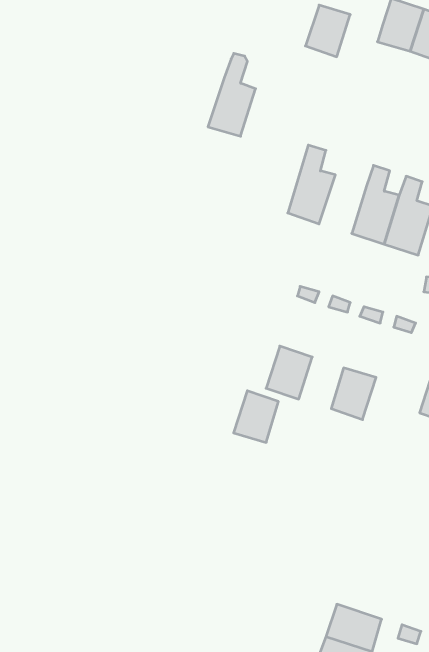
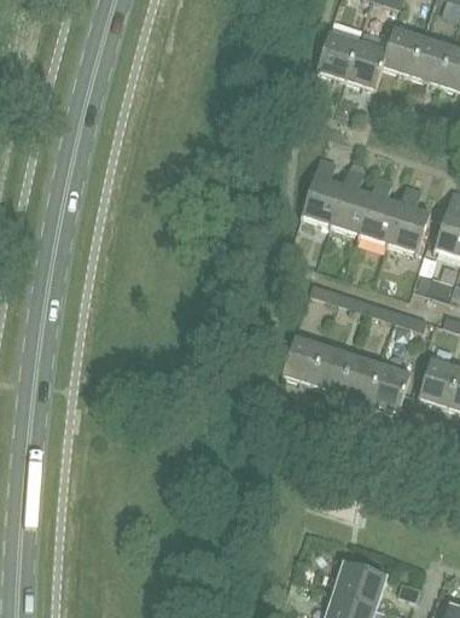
building: none -> [345,41,386,87]
building: [208,53,256,136] -> [330,162,372,235]
building: none -> [368,363,409,409]
building: [234,391,278,442] -> [311,345,351,391]

